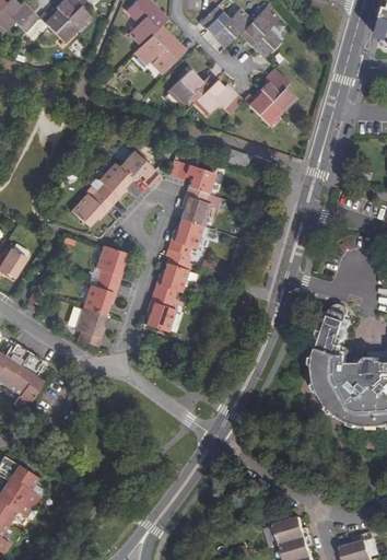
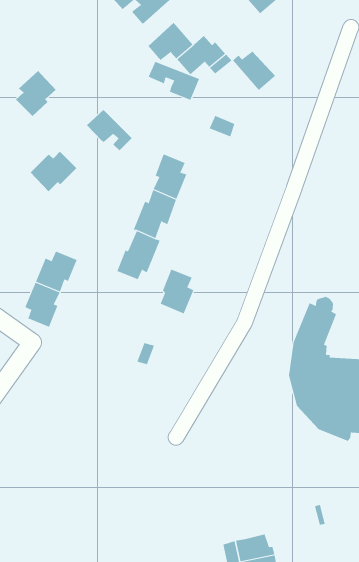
building: [260,69,295,112] -> none
building: [168,161,214,194] -> [148,61,200,101]
building: [96,163,132,205] -> [15,70,57,117]
building: [95,246,126,285] -> none
building: [145,293,175,332] -> [160,269,194,314]

